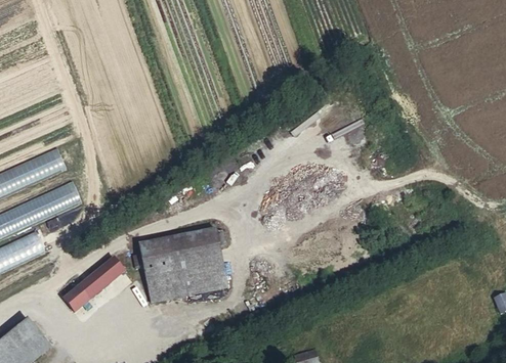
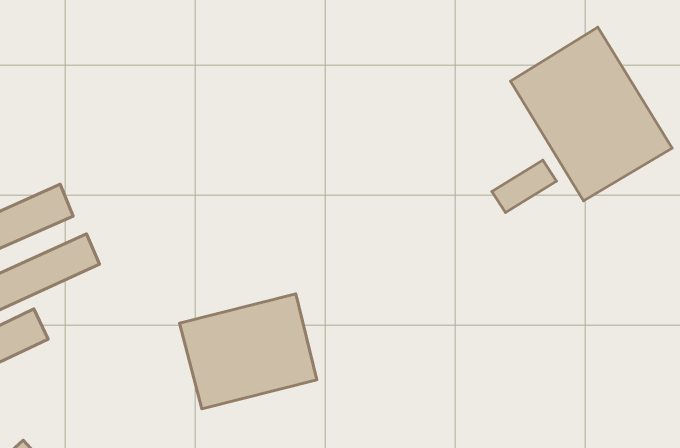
building: none -> [511,27,672,201]
building: [62,257,124,311] -> none

